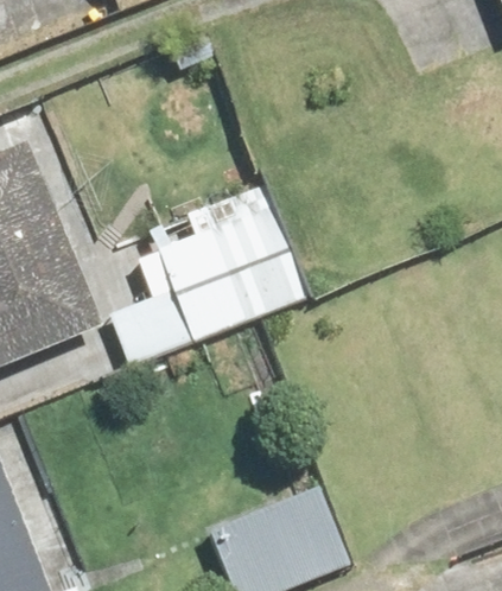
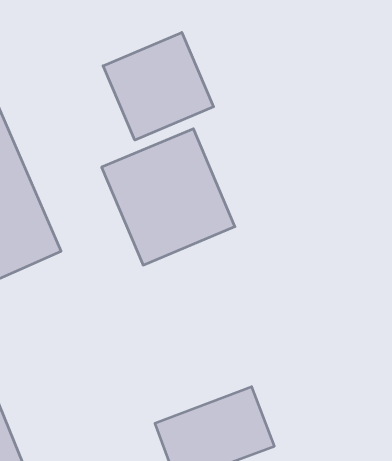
building: none -> [103,32,214,140]

